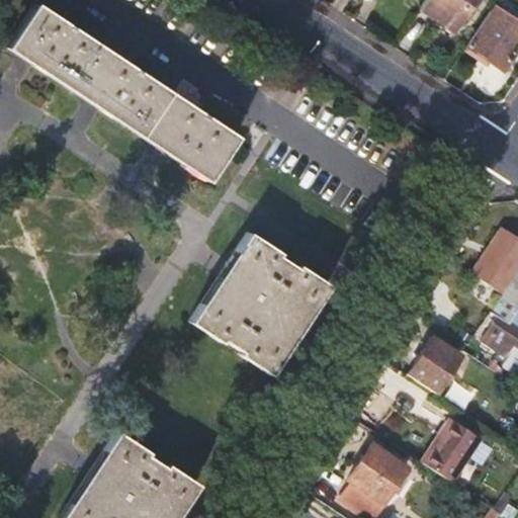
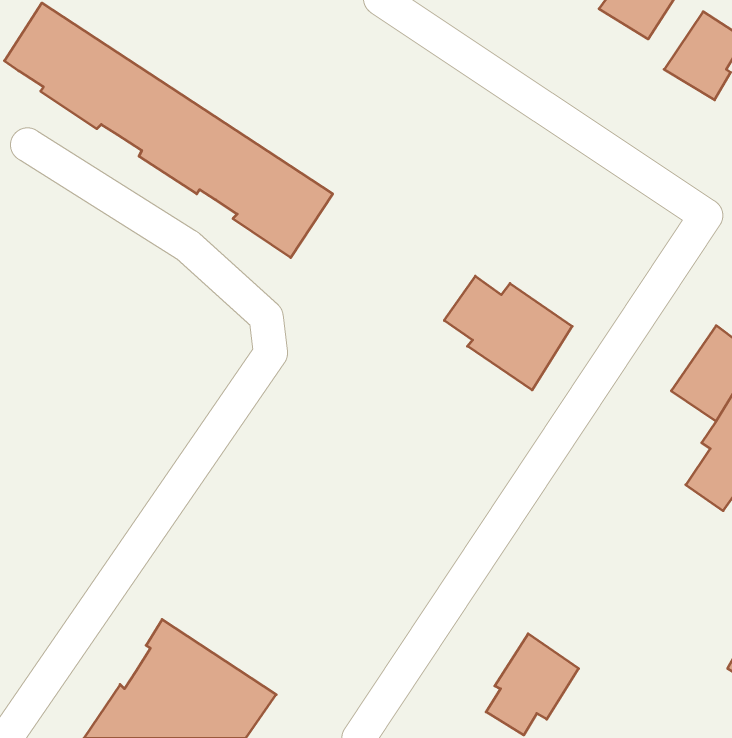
building: none -> [444,276,572,390]
building: [193,231,333,376] -> none
building: [411,337,464,395] -> none
building: [426,419,485,483] -> none

